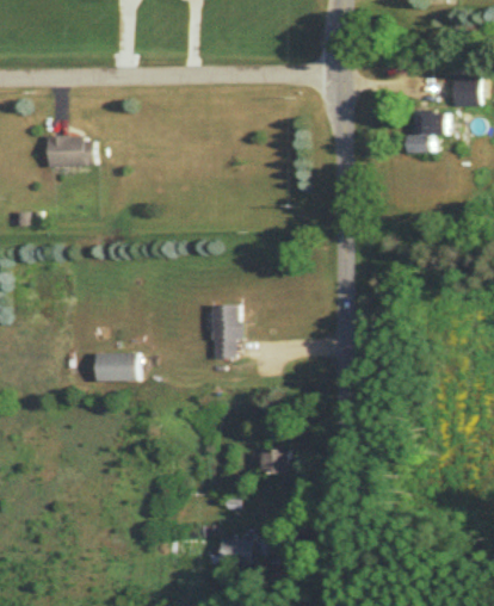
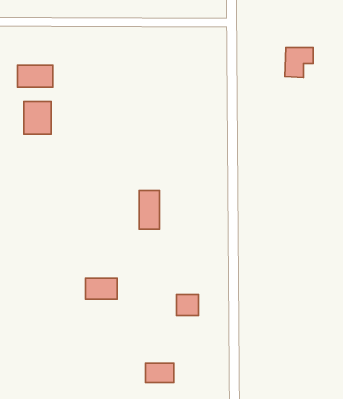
building: [451,75,478,104] -> none
building: none -> [24,101,51,134]
building: [94,353,137,382] -> [85,278,117,299]

